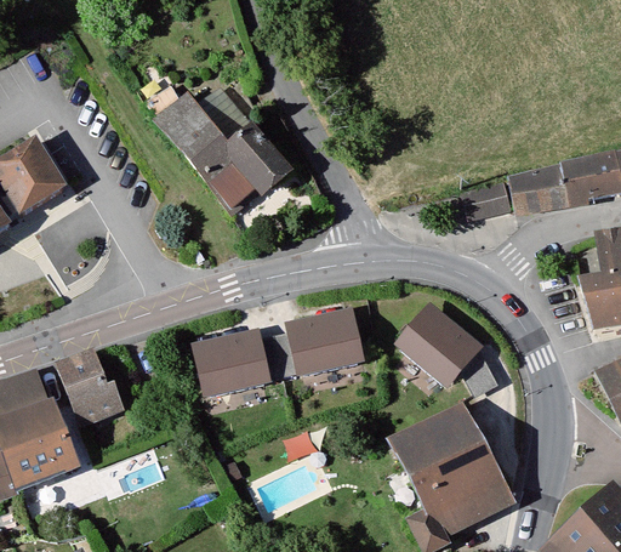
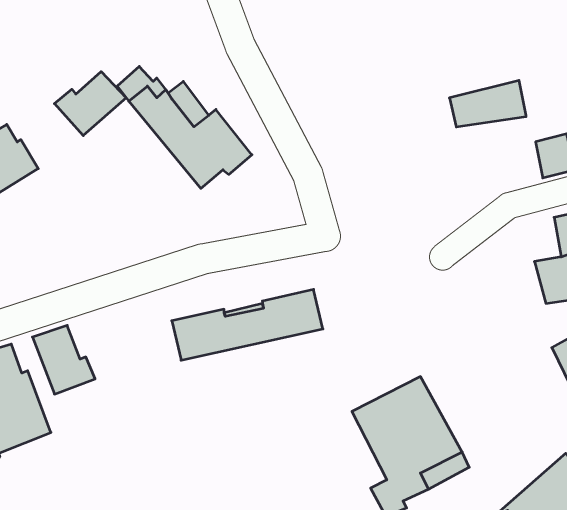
building: none -> [54,72,126,136]
building: [511,160,591,209] -> [449,80,526,127]
building: [465,181,509,217] -> none
building: [409,311,498,392] -> none

